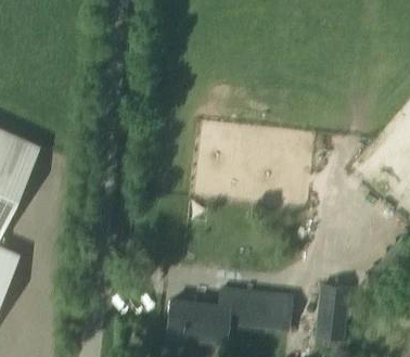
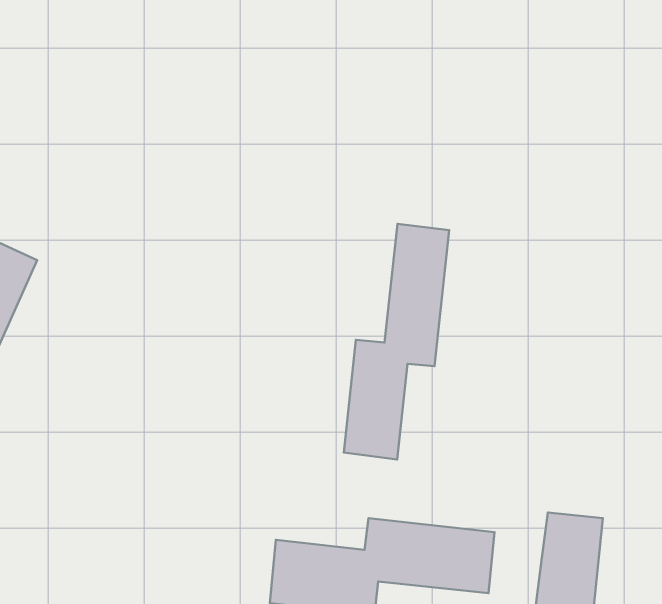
building: none -> [344,224,449,459]

